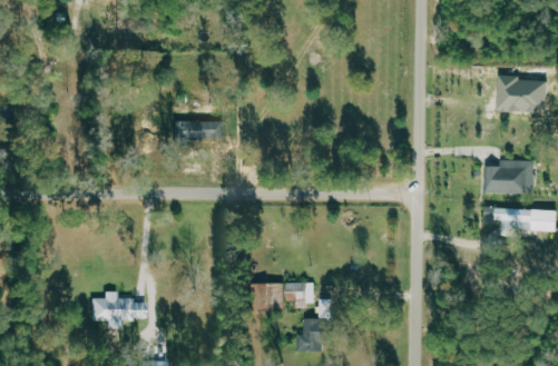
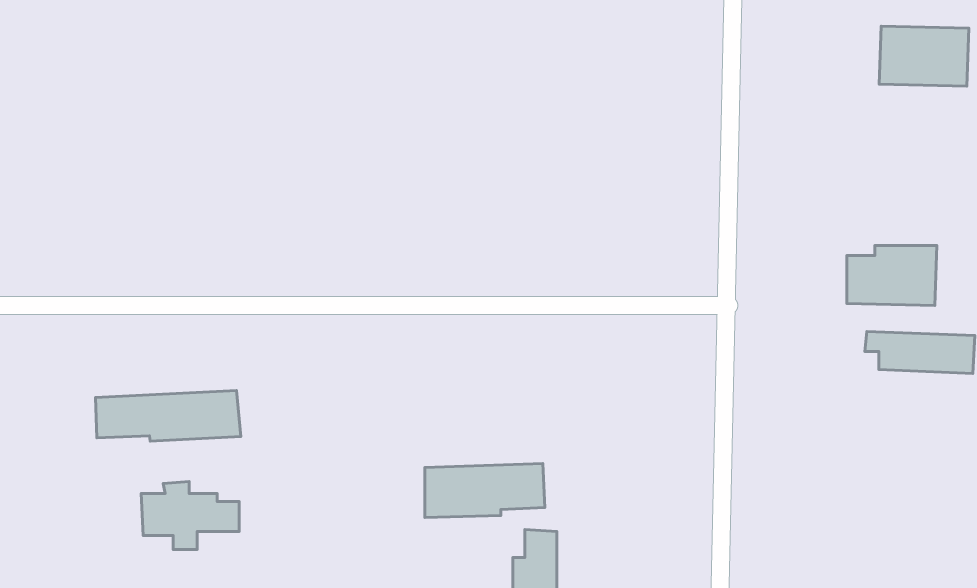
building: [496,78,546,111] -> [879,26,969,86]
building: [177,121,221,140] -> none
building: none -> [96,391,241,441]

